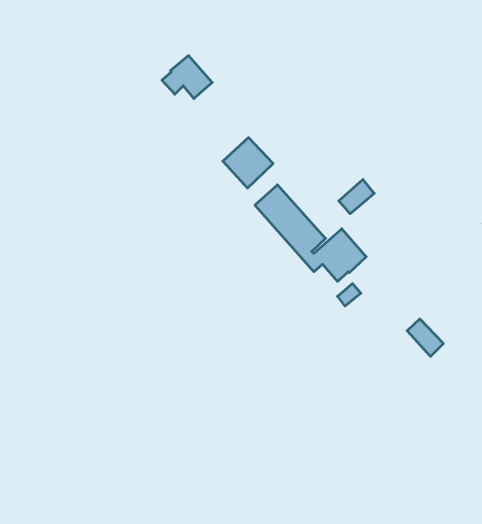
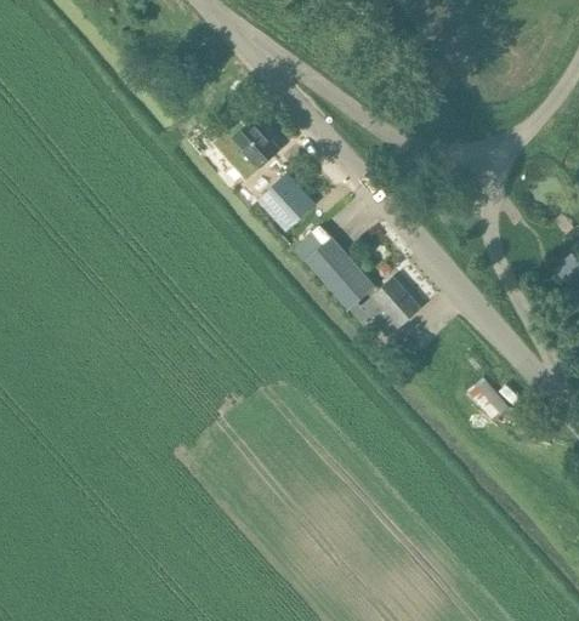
building: [162,56,212,99] -> [222,119,279,167]
building: [339,179,374,214] -> none

